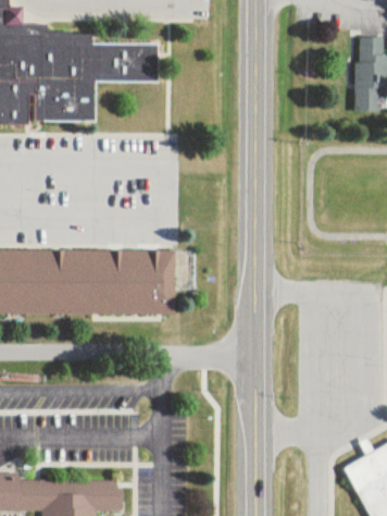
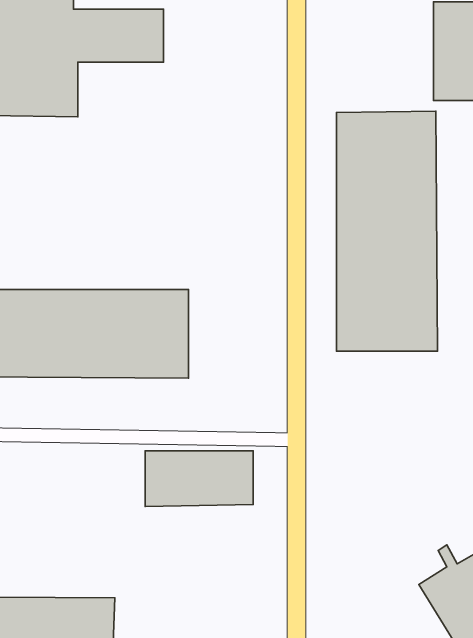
building: none -> [336,111,438,351]
building: none -> [145,451,253,506]

